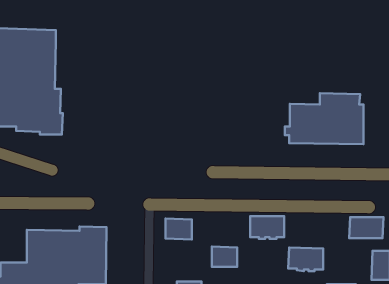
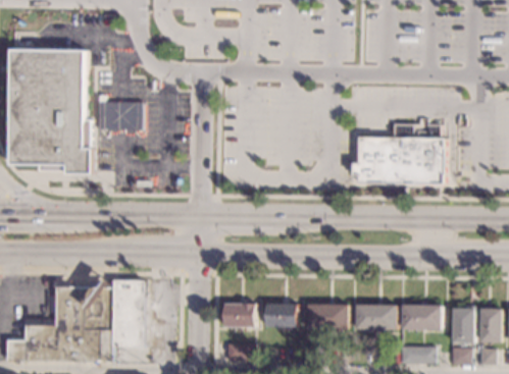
building: none -> [98,102,142,130]
building: [250,216,284,239] -> [308,305,348,331]
building: [349,217,383,238] -> [402,305,442,329]
building: [165,218,192,240] -> [224,304,255,328]

